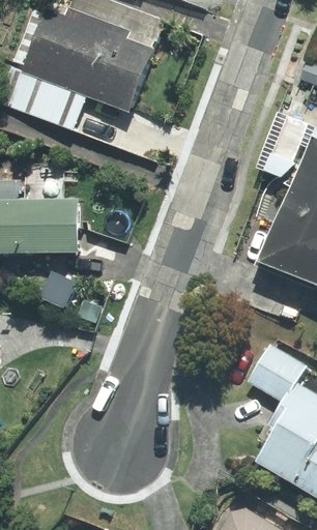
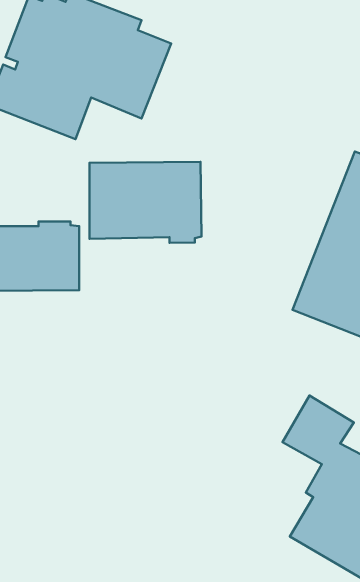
building: none -> [89,162,202,243]

